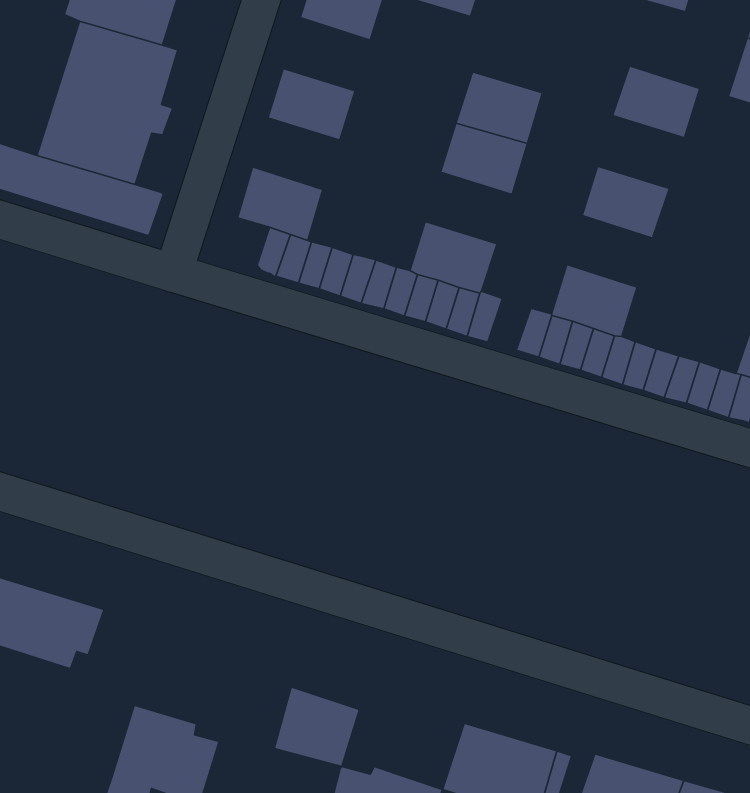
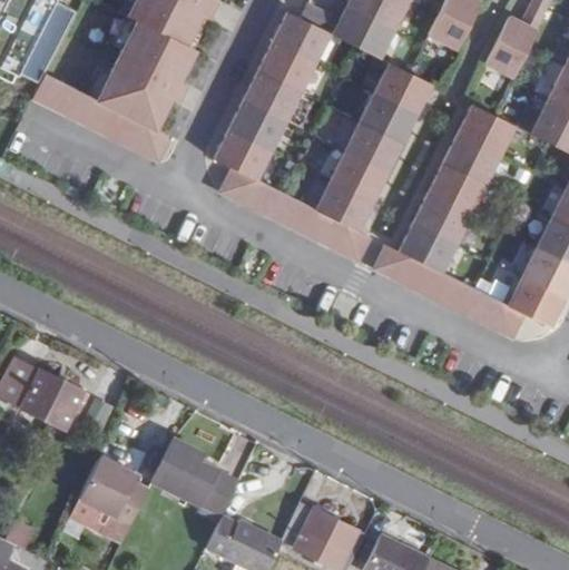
building: none -> [257,42,314,94]
building: none -> [374,63,430,114]
building: none -> [442,135,499,186]
building: none -> [228,101,285,151]
building: none -> [330,153,386,203]
building: none -> [413,194,469,244]
building: none -> [151,435,203,493]

